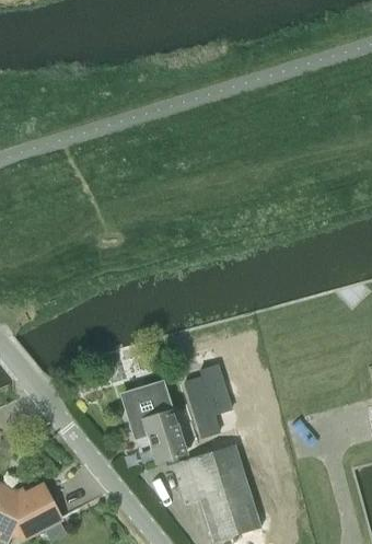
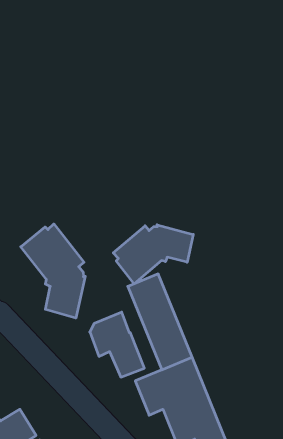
building: none -> [21,224,85,318]
building: none -> [113,225,193,284]

